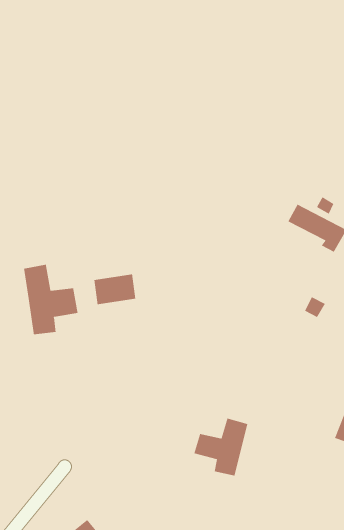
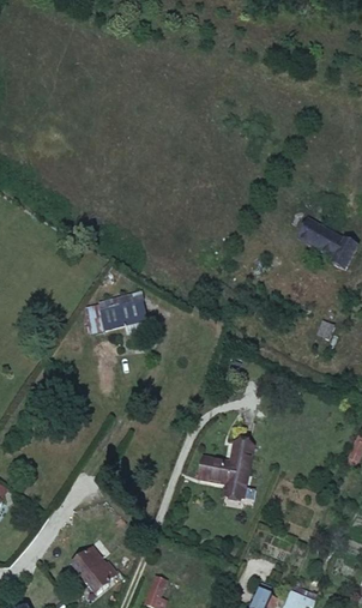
building: [23,264,78,335] -> none

